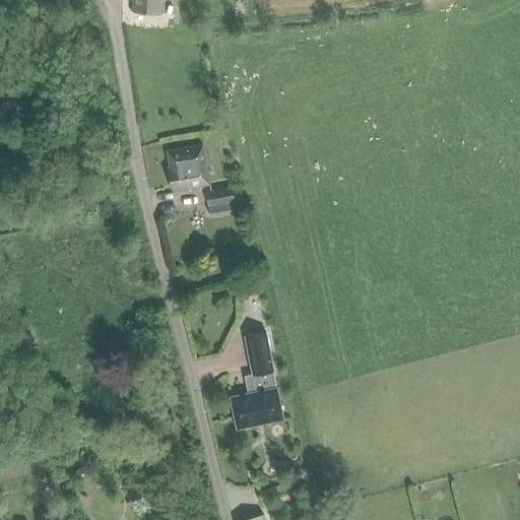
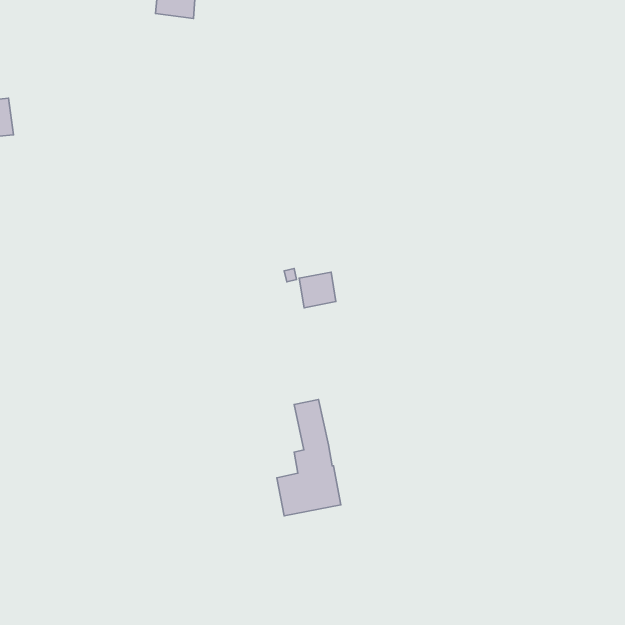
building: [166,143,208,189] -> none
building: [204,185,235,214] -> [299,272,336,308]

